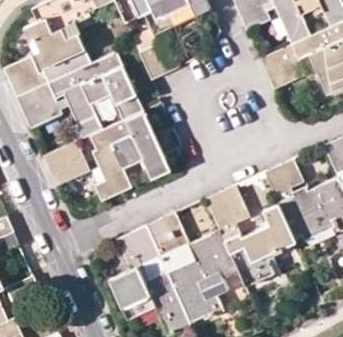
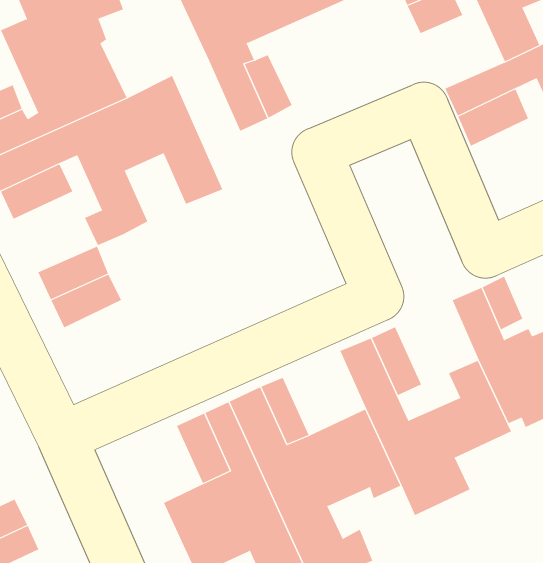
building: [90,112,170,201] -> none

